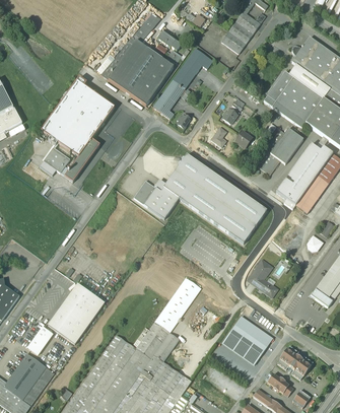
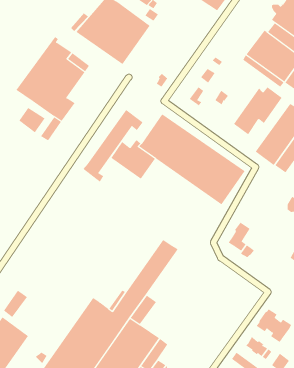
building: [153,47,213,119] -> [83,109,143,182]
building: [48,283,105,344] -> none
building: [222,315,273,364] -> none

